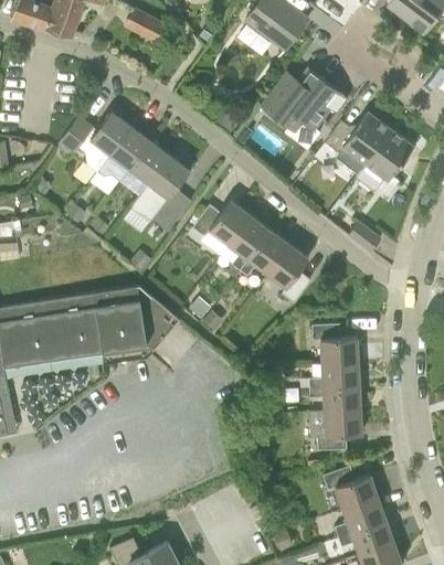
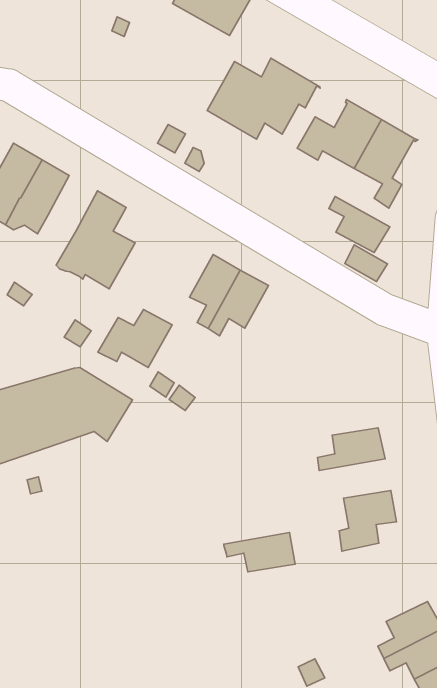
building: [123,10,159,42] -> none
building: [129,141,169,183] -> none
building: none -> [329,197,390,253]
building: [191,201,250,245] -> [98,310,172,368]
building: [266,244,310,303] -> none
building: [311,323,357,363] -> none
building: [308,386,360,412] -> [224,533,295,572]
building: [321,463,377,509] -> none

